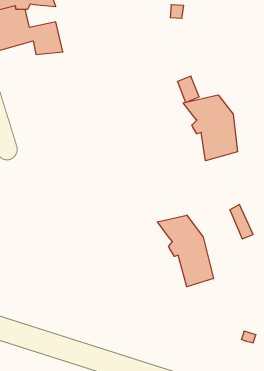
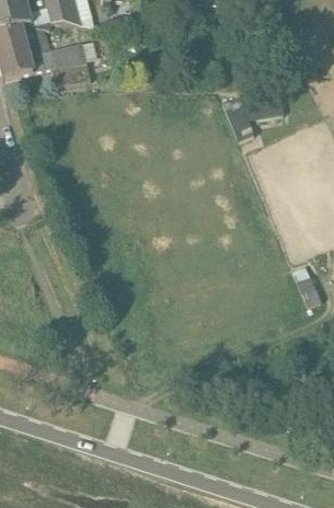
building: [183,95,238,161] -> none
building: [157,215,213,287] -> none

